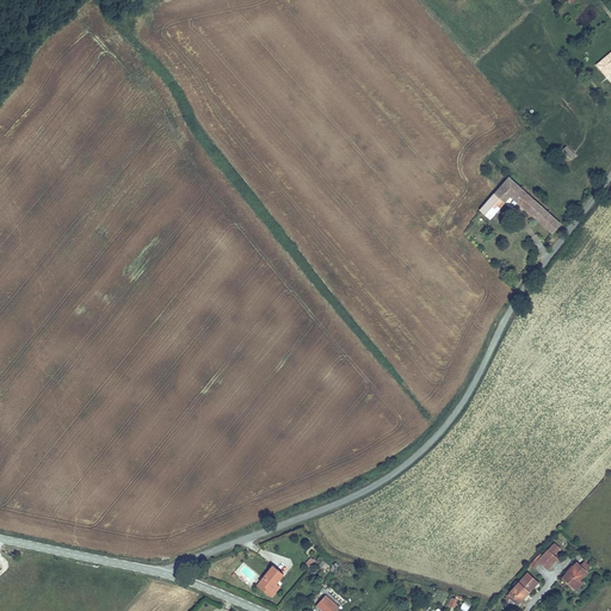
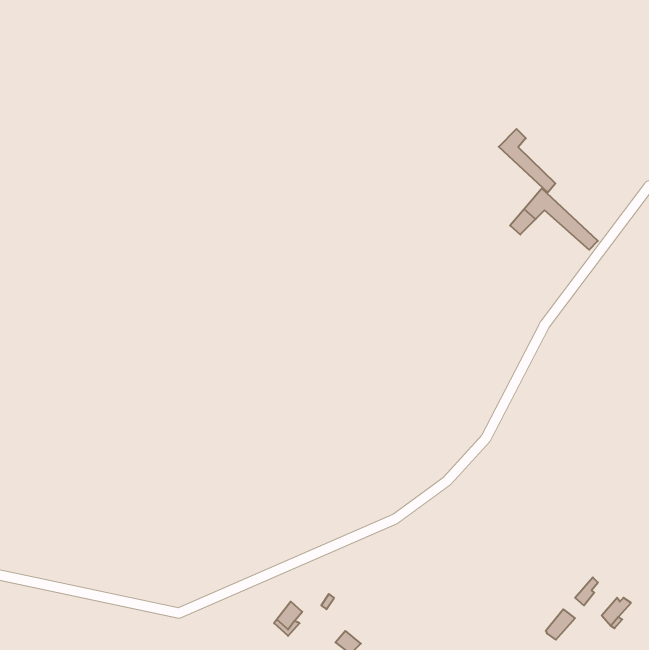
building: none -> [499,129,555,192]

